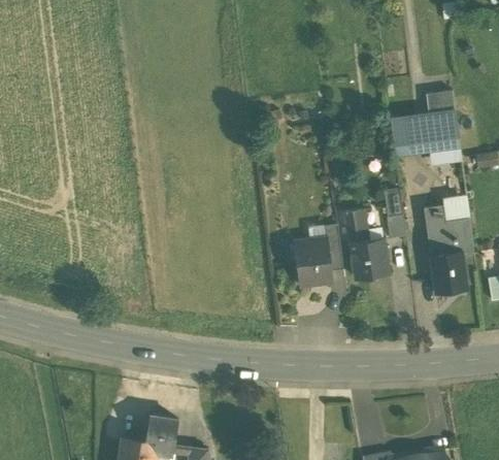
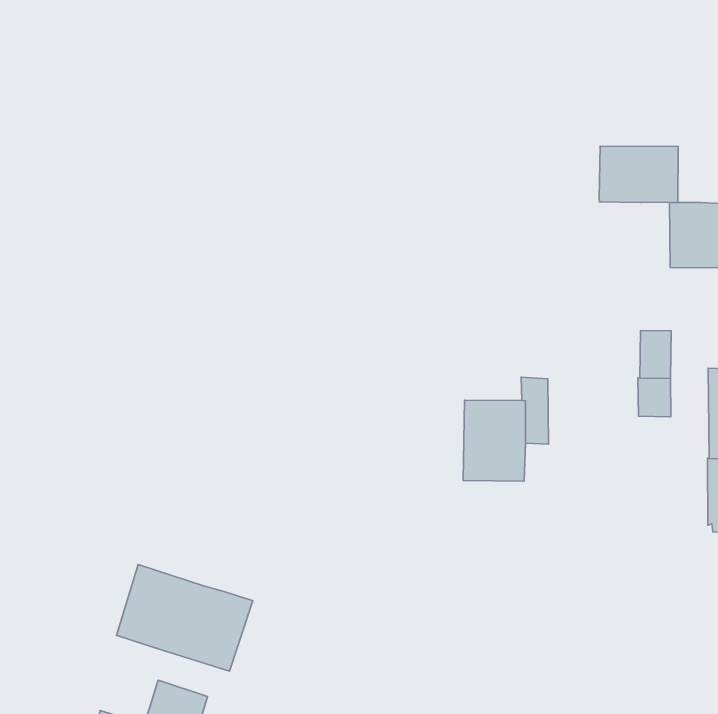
building: none -> [599,146,678,203]
building: [345,209,390,276] -> none
building: none -> [116,564,253,671]

